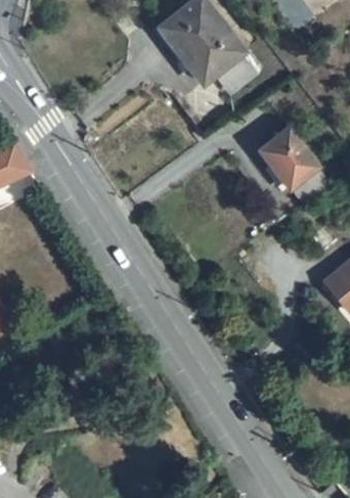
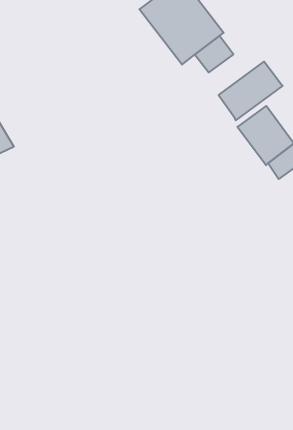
building: none -> [219,62,283,120]

